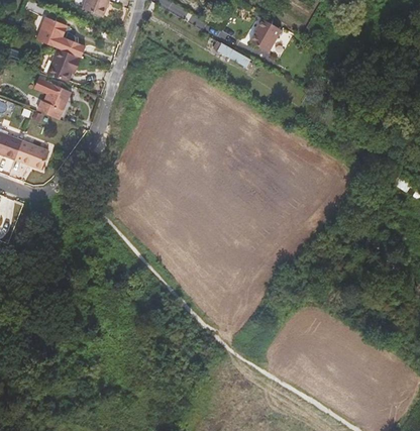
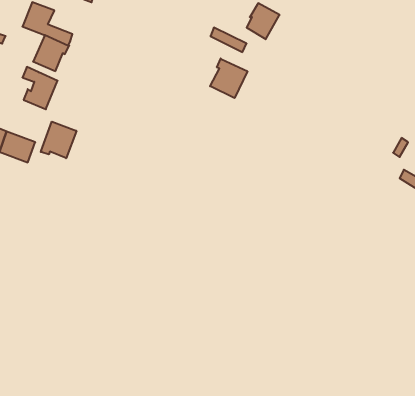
building: none -> [210,58,247,98]
building: none -> [41,122,76,158]

